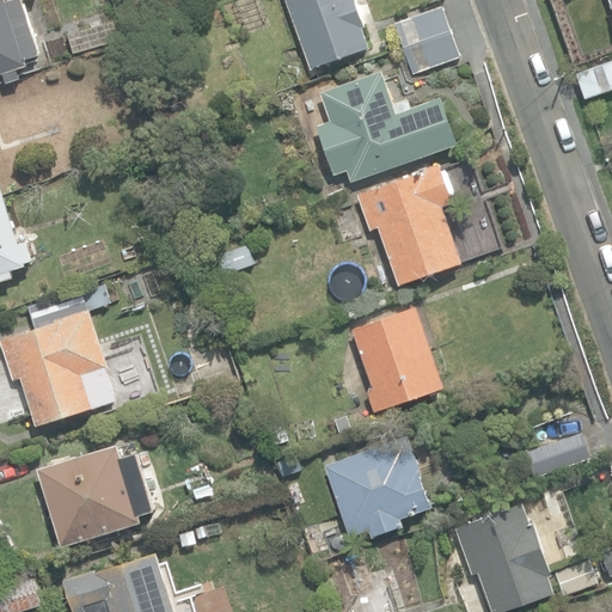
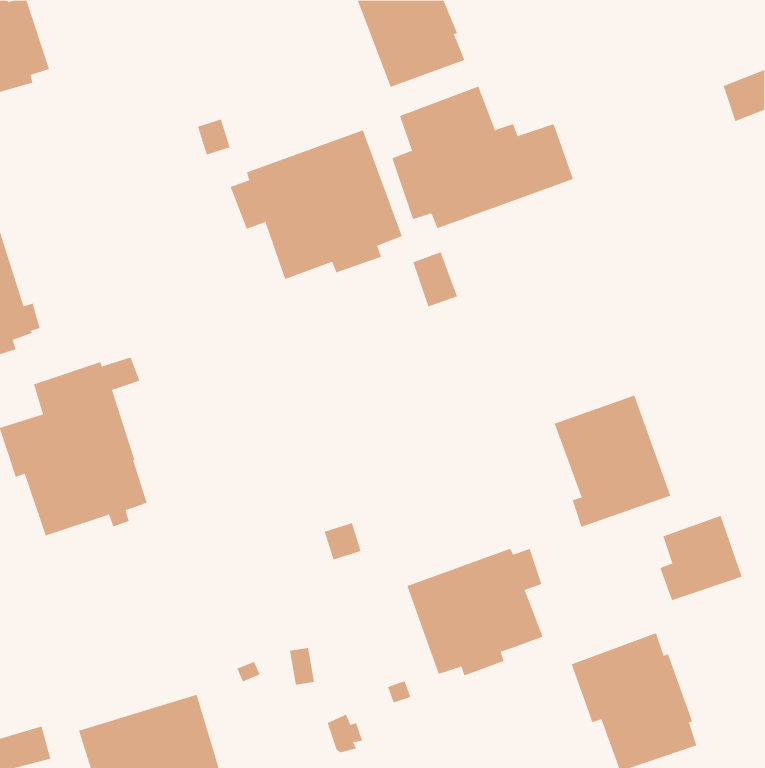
building: [392,6,459,75] -> none
building: none -> [230,130,403,280]
building: [355,164,460,287] -> none
building: [349,308,442,414] -> [554,395,671,527]
building: [37,445,153,547] -> none

